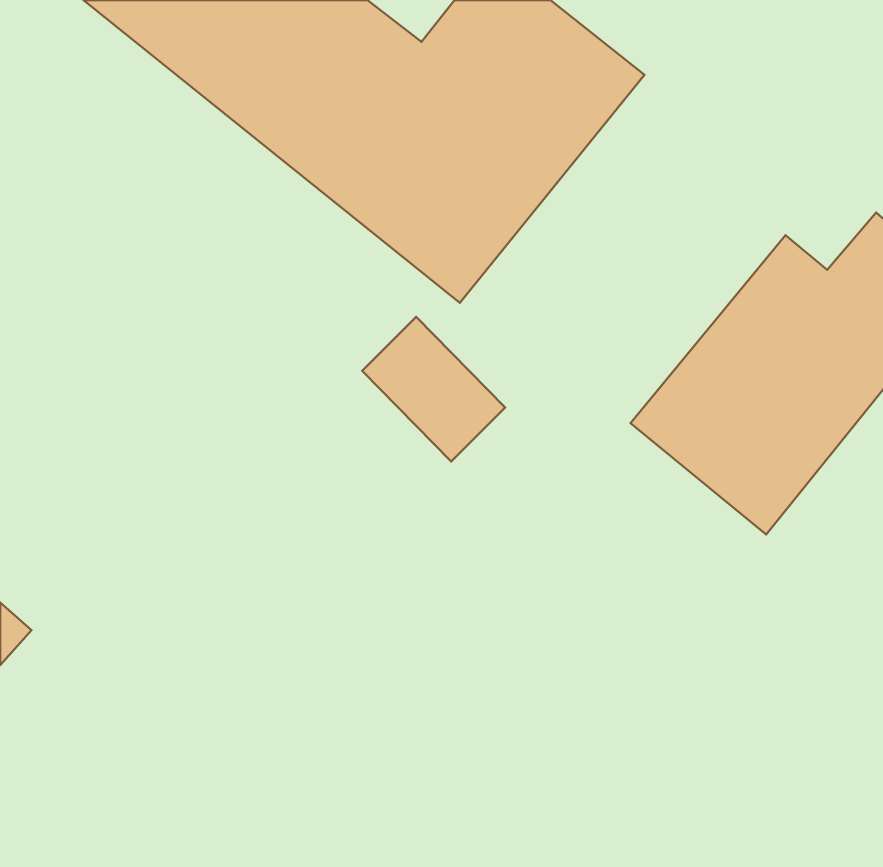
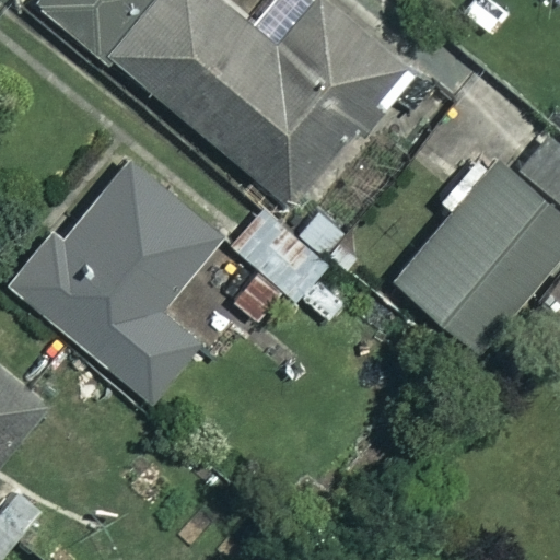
building: none -> [18,161,218,400]

